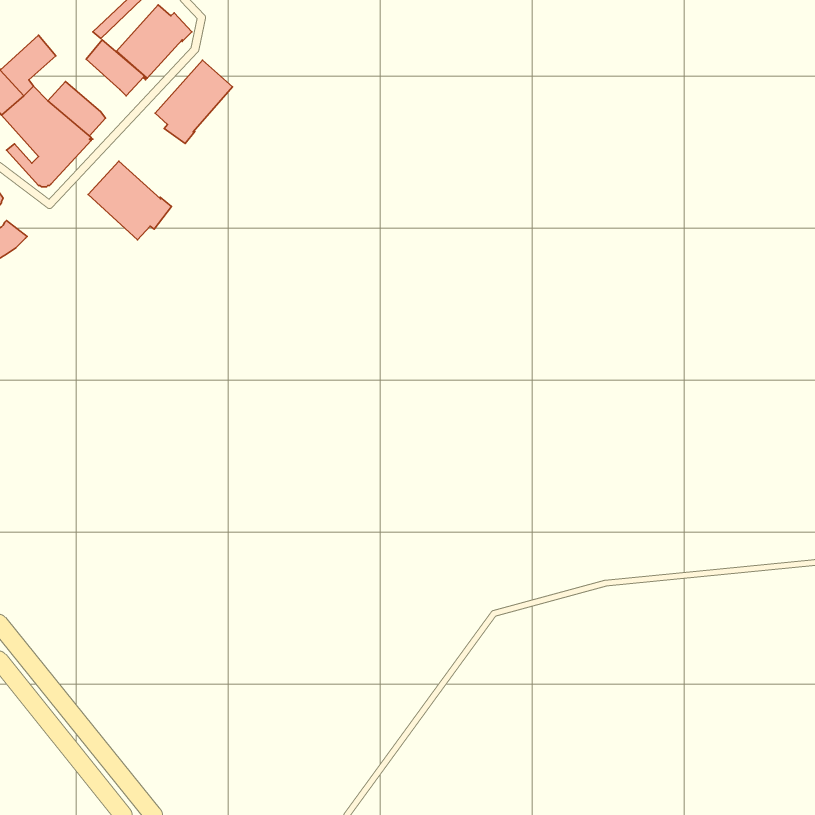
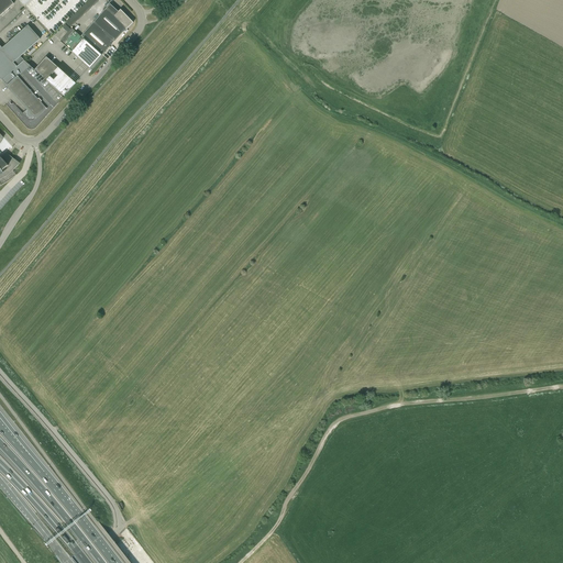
building: [155,60,233,143] -> none
building: [88,161,171,240] -> none

